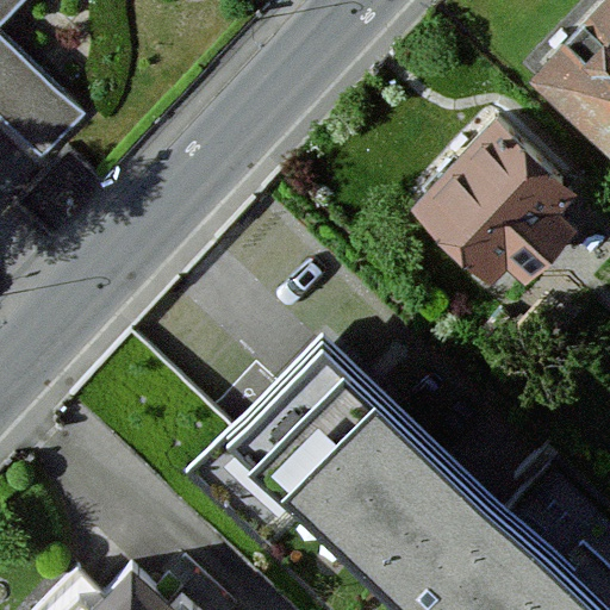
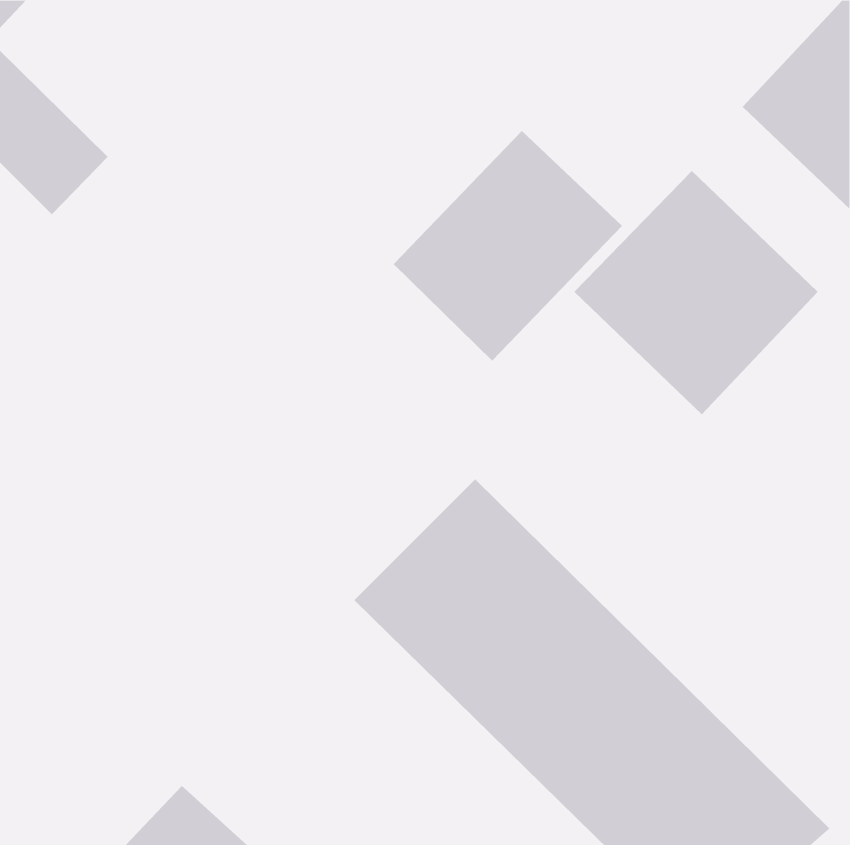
building: none -> [393,130,623,362]

